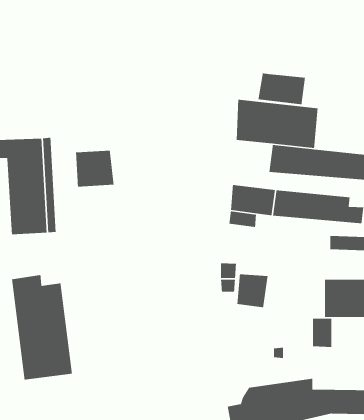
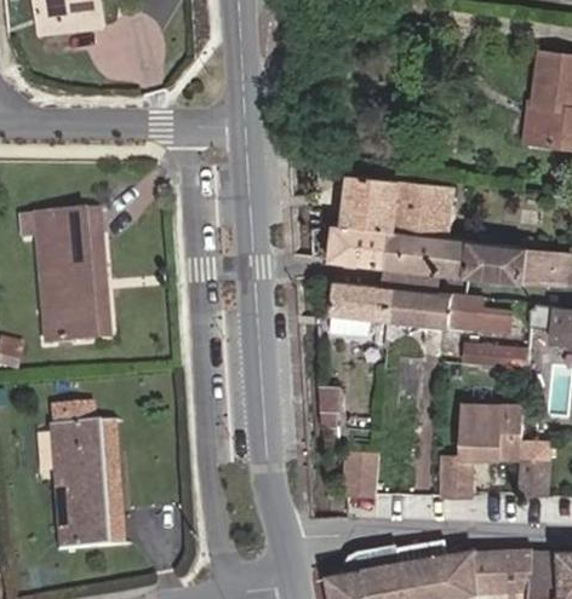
building: [258,72,306,105] -> [327,224,391,267]
building: [75,150,115,187] -> none
building: [237,274,268,308] -> [334,454,377,500]

